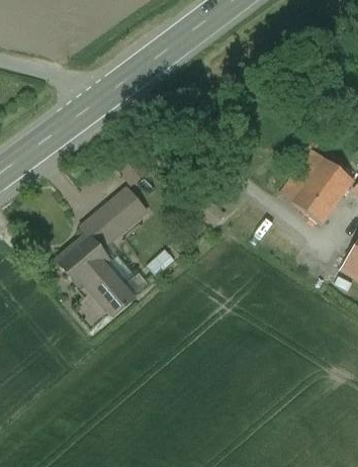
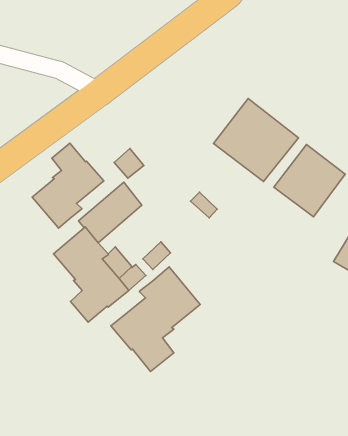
building: none -> [214,99,298,182]
building: none -> [32,143,104,228]
building: none -> [111,267,200,371]

